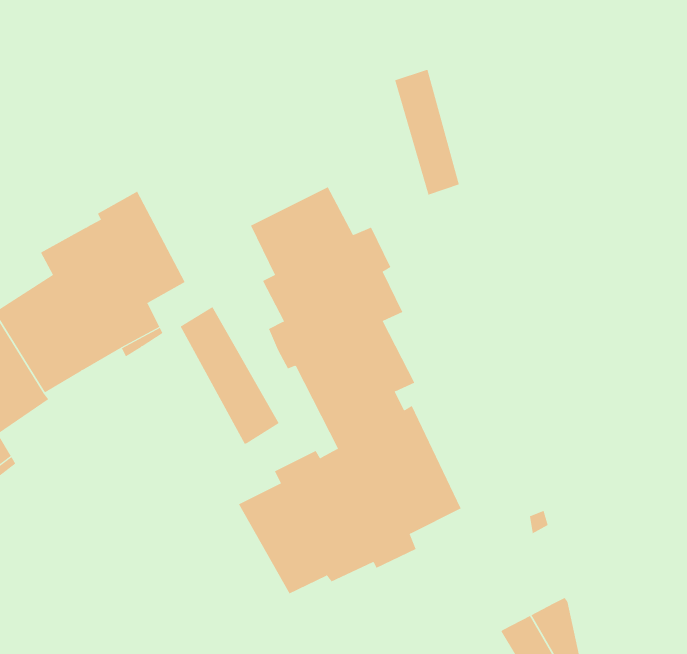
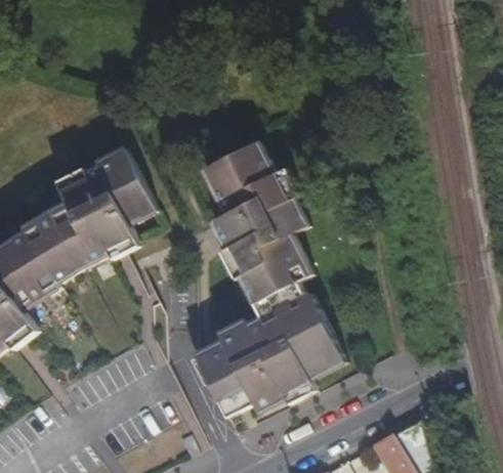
building: [394,69,459,195] -> none
building: [180,306,280,444] -> none

